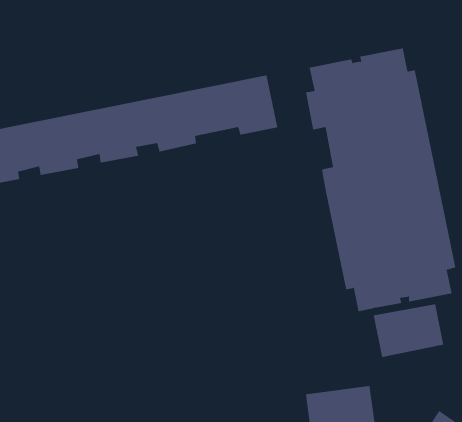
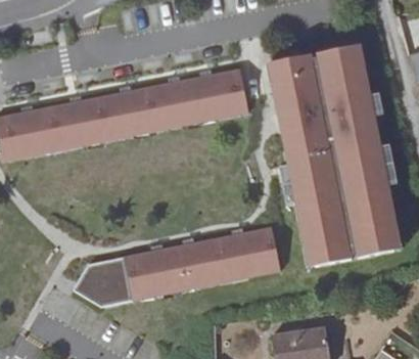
building: none -> [74,227,281,307]
building: [373,303,444,358] -> none

